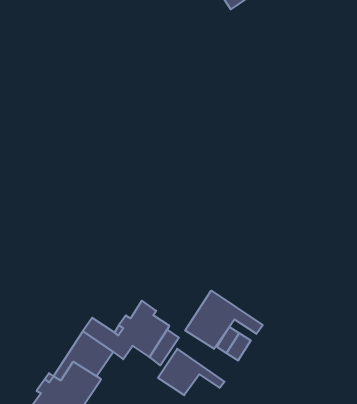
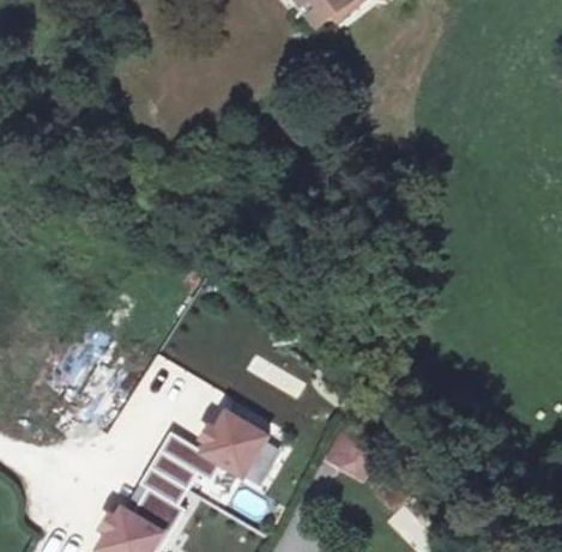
building: [185,291,263,349] -> none
building: [158,349,225,395] -> none

